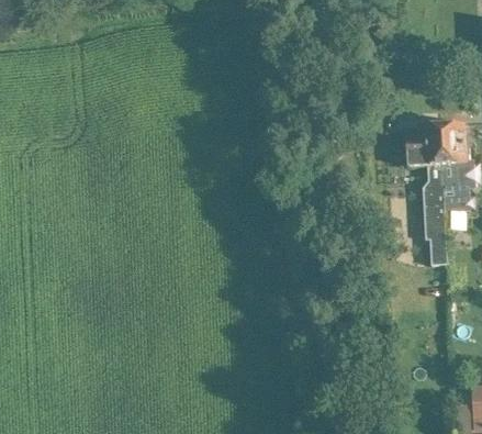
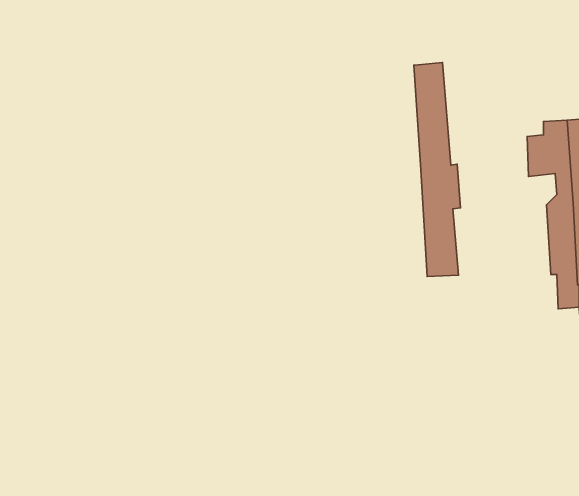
building: none -> [414,63,460,276]

